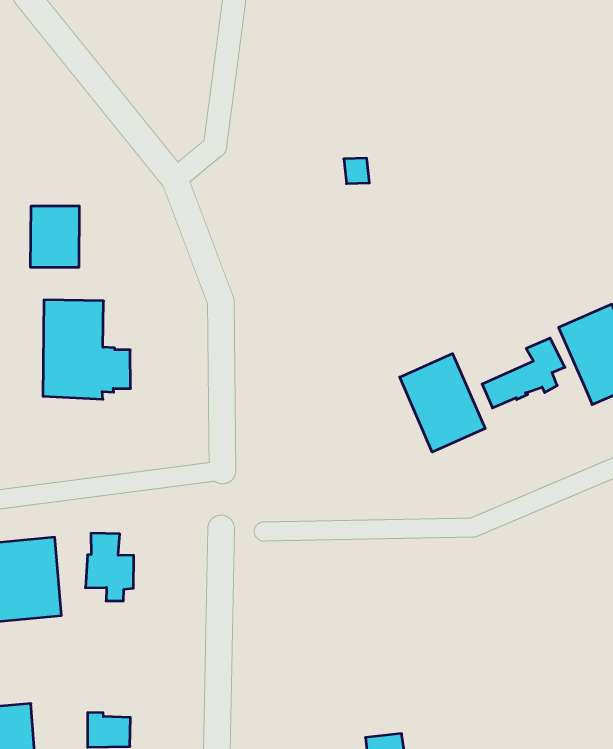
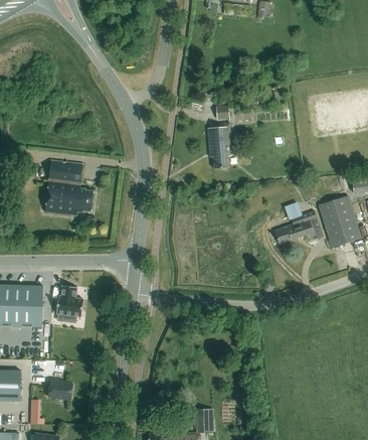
building: none -> [207,123,231,168]
building: [31,206,79,267] -> none
building: [400,354,485,452] -> none

